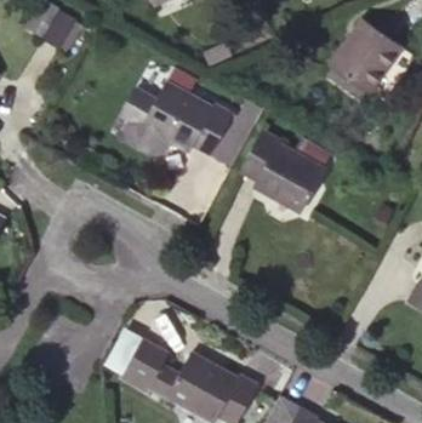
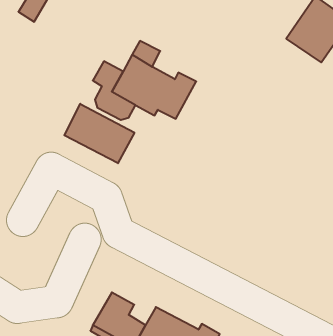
building: [241,130,324,212] -> none
building: none -> [64,104,134,163]

